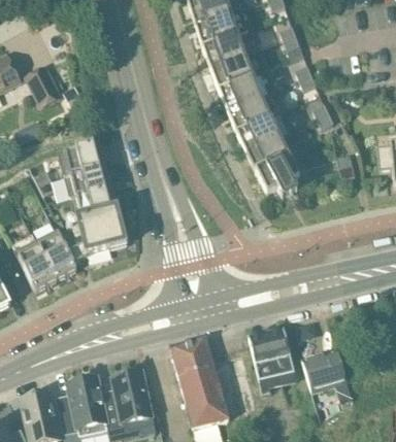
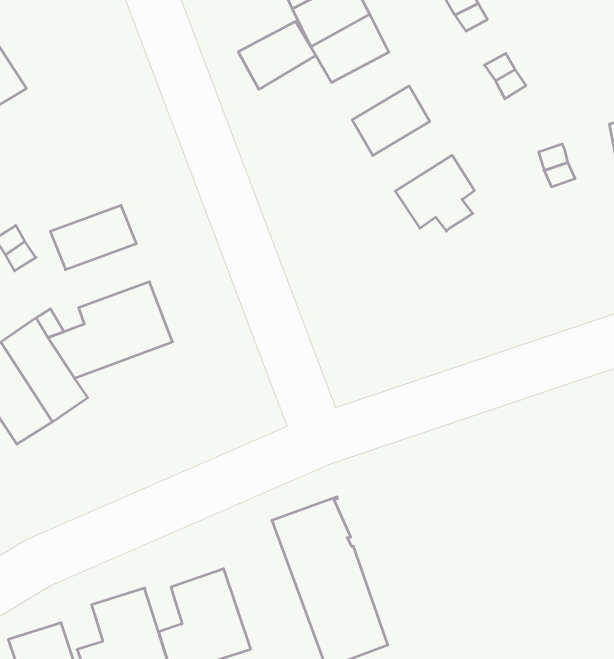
building: [227,96,269,131] -> [238,22,316,89]
building: [245,136,289,172] -> none
building: [59,142,105,175] -> none
building: [71,186,117,218] -> none
building: [248,326,294,378] -> none
building: [301,349,344,389] -> none

